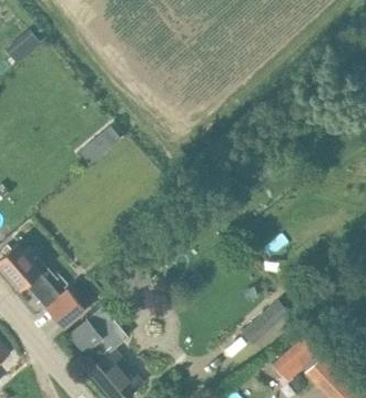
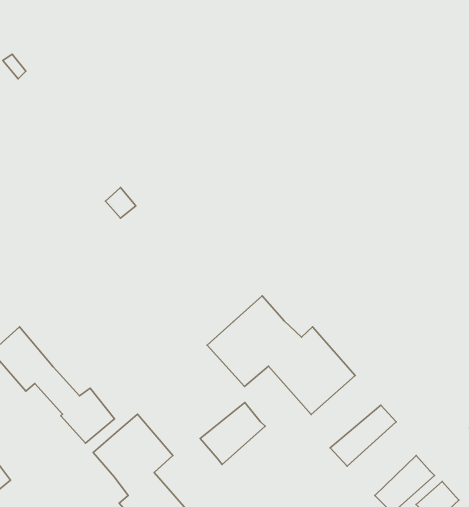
building: none -> [207,296,355,415]
building: none -> [200,402,265,464]

